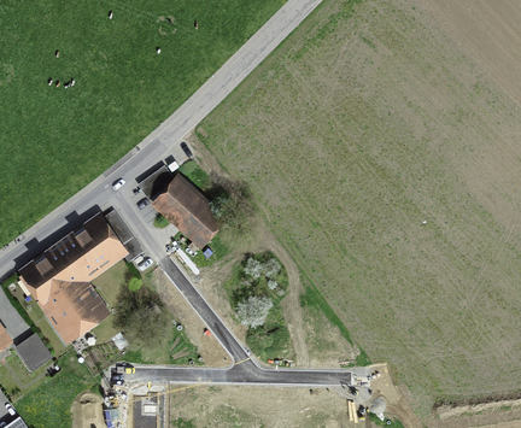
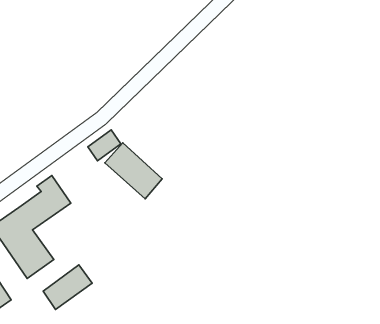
building: none -> [43,265,92,309]

